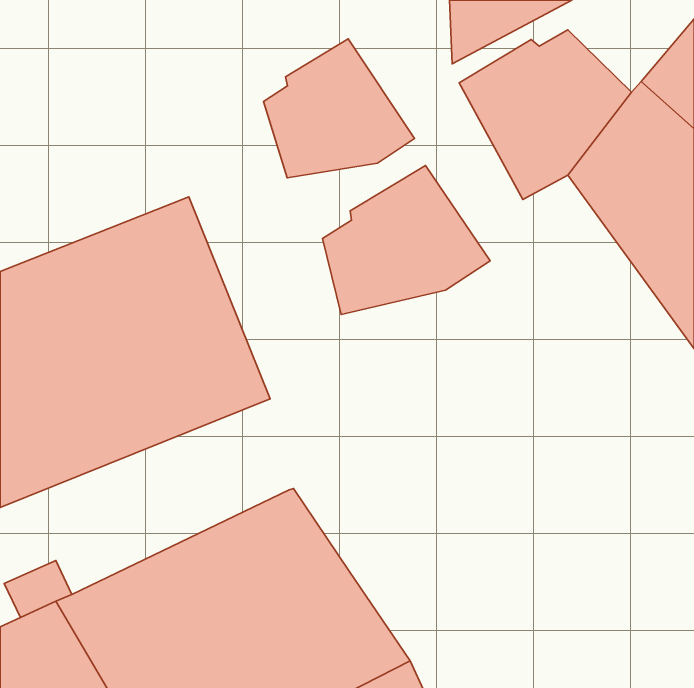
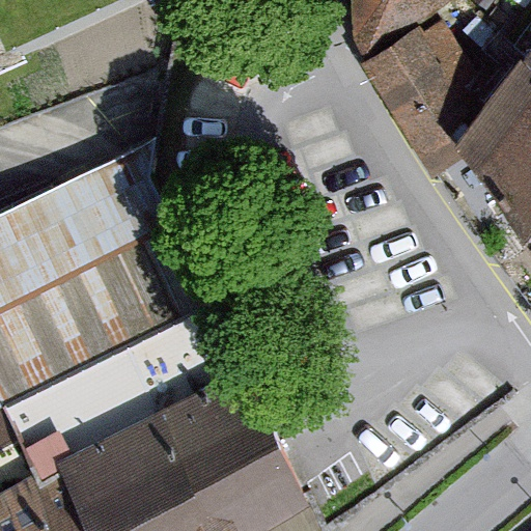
building: [264,39,414,178] -> none
building: [322,165,490,315] -> none

